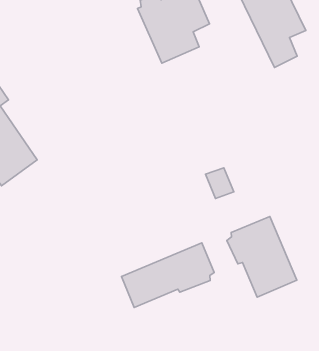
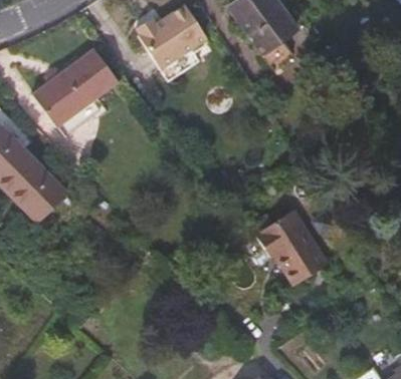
building: none -> [30,50,117,135]
building: [121,243,214,308] -> none

